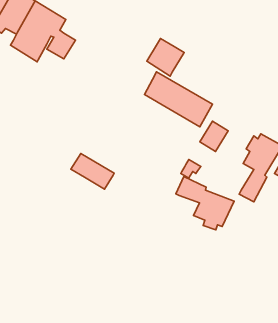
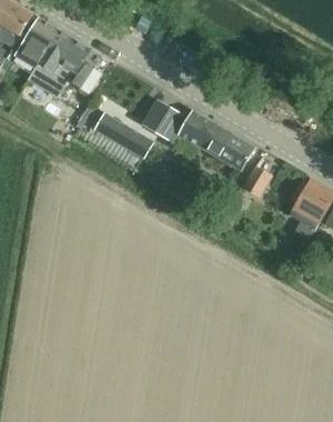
building: [147,39,184,76] -> [141,99,183,141]
building: [71,154,114,189] -> [93,112,142,152]
building: [176,177,234,230] -> none

